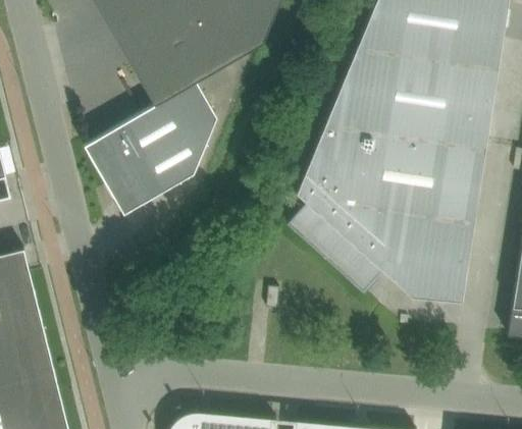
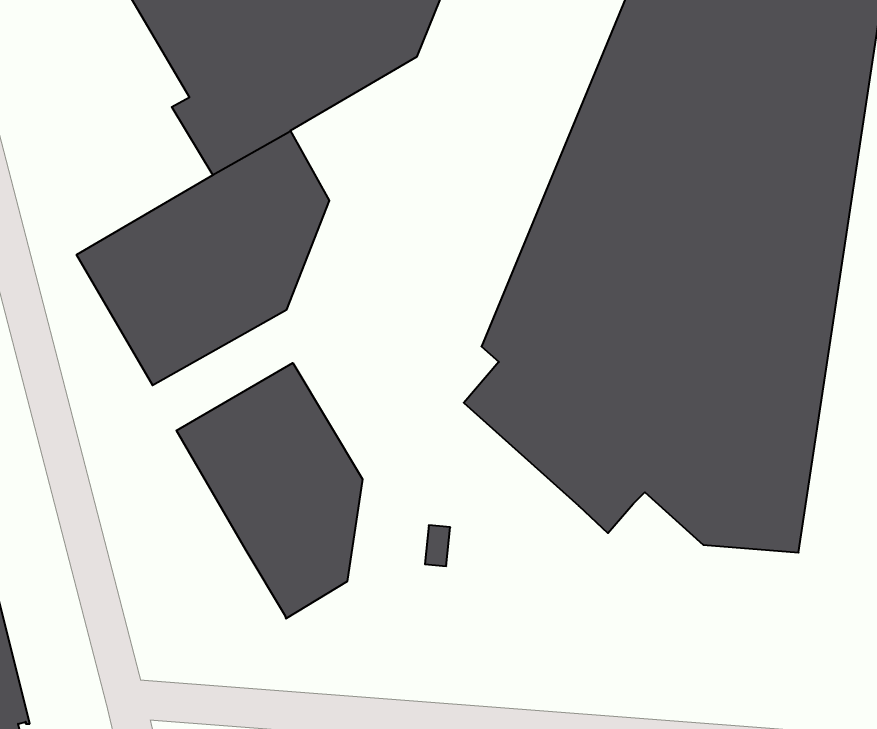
building: none -> [176,363,362,619]

